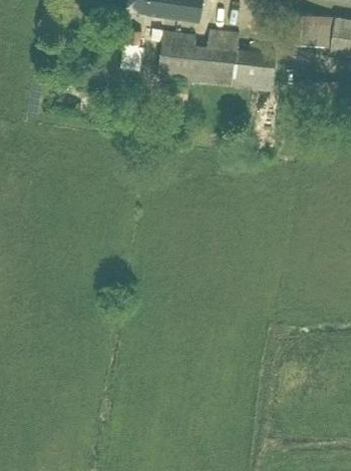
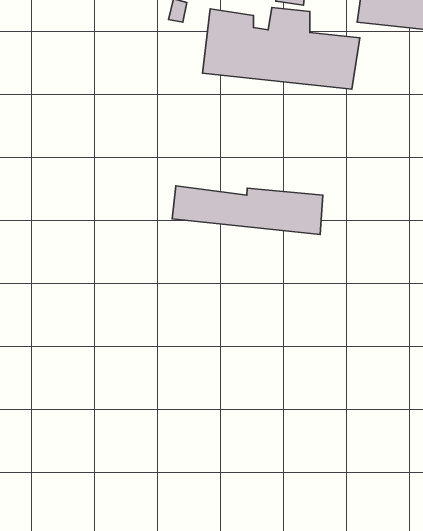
building: none -> [172,186,323,234]

